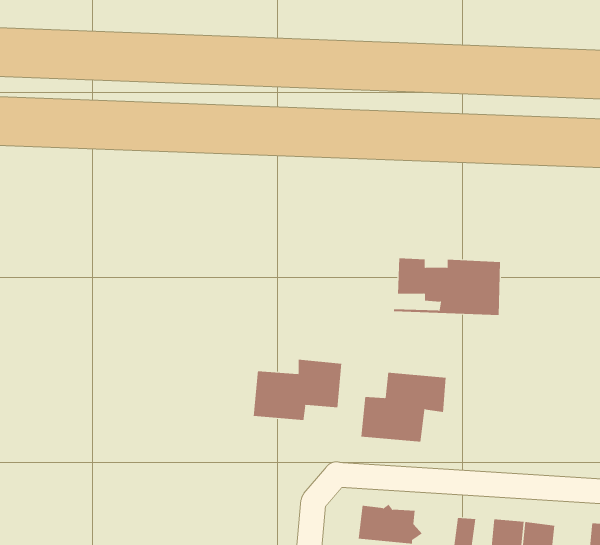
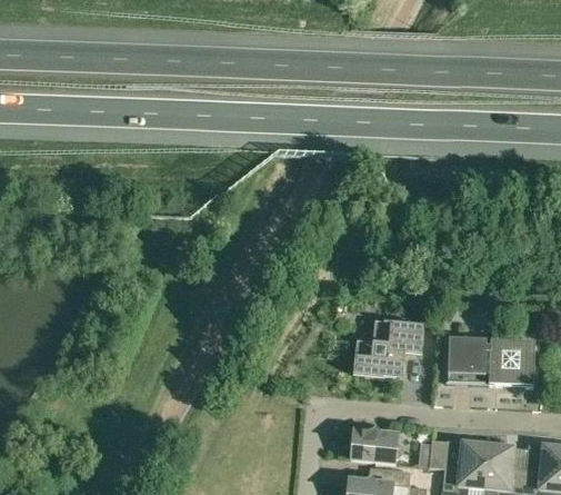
building: [393,258,501,316] -> [445,337,534,385]
building: [253,359,342,421] -> none

